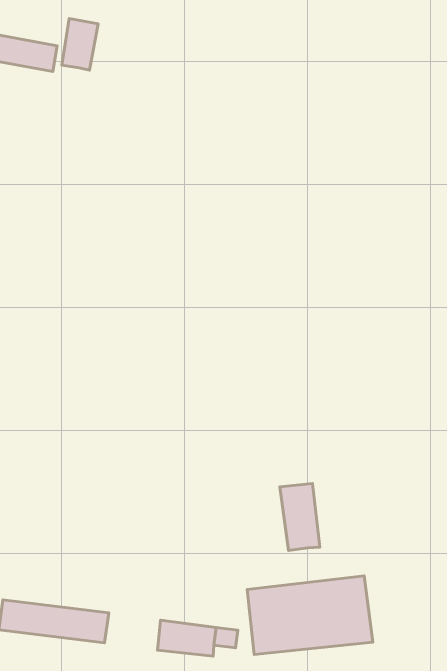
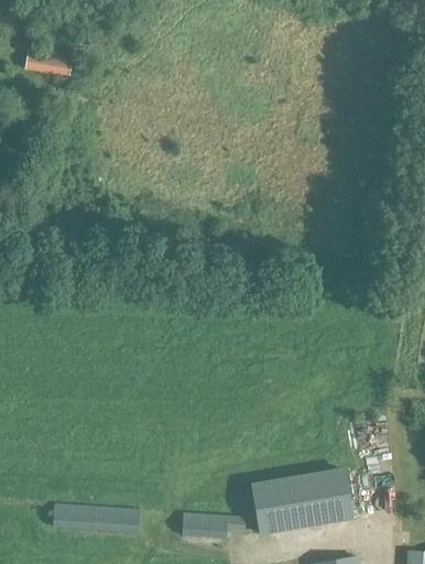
building: [62,19,98,70] -> none
building: [280,483,320,551] -> none

